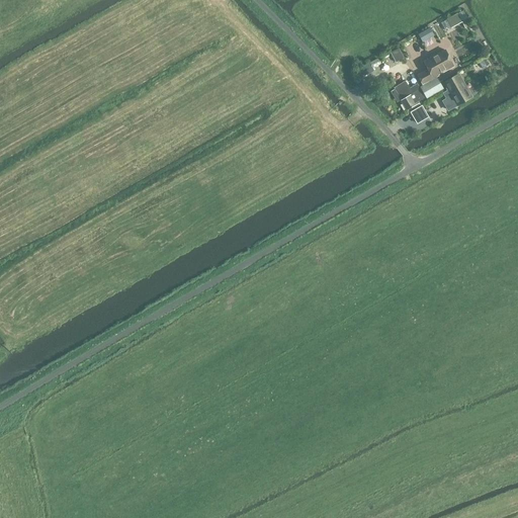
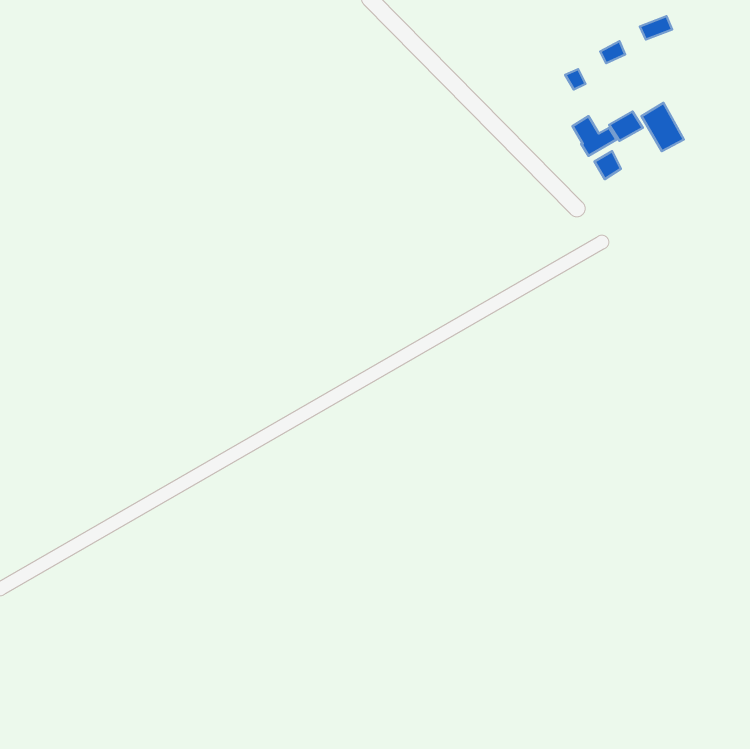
building: [418,49,454,83] -> none

